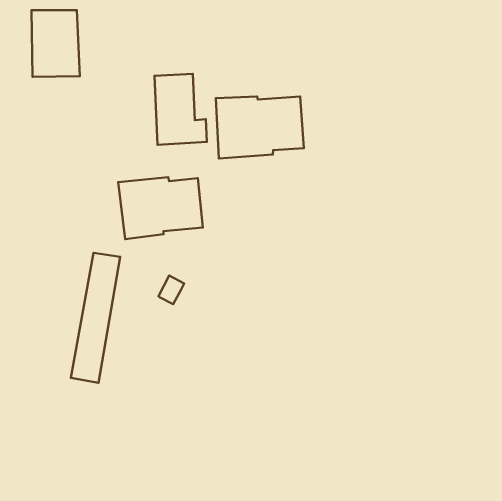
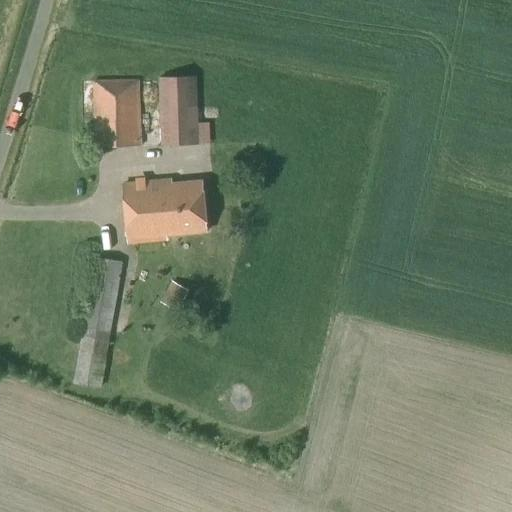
building: [32,10,80,77] -> [93,79,142,147]
building: [216,96,304,158] -> none

